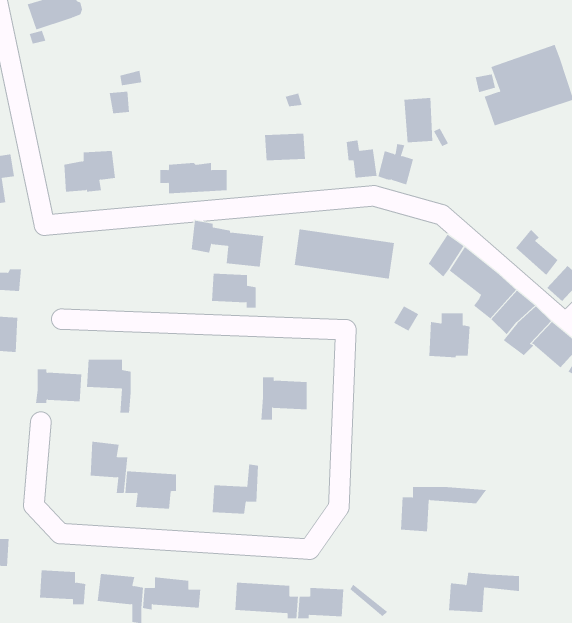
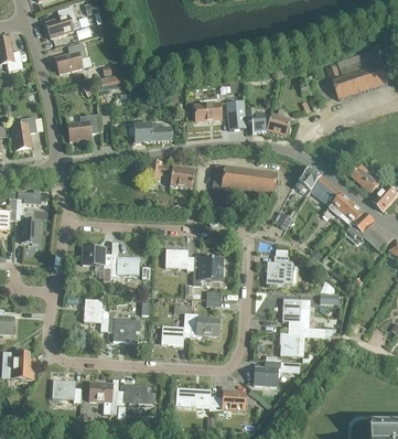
building: none -> [54,42,86,73]
building: [403,98,433,143] -> [226,100,245,129]
building: [211,273,256,308] -> [164,248,193,270]
building: [429,313,470,358] -> [266,255,292,283]
building: [35,369,82,404] -> [109,254,139,276]
building: none -> [282,298,309,326]
building: none -> [190,313,219,336]
building: [448,572,520,612] -> [254,360,299,385]

